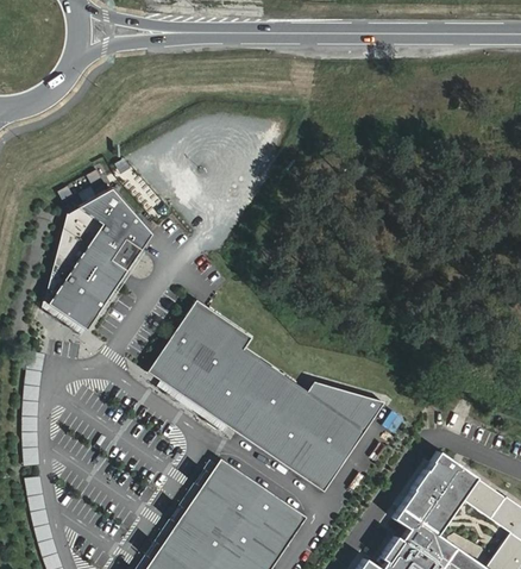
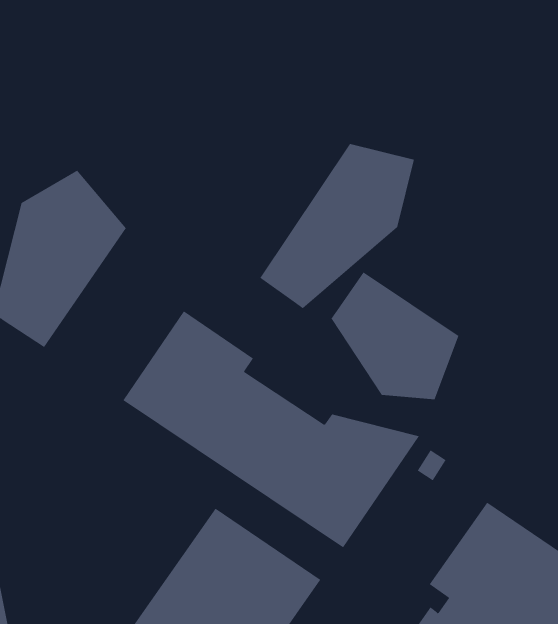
building: none -> [259,143,415,309]
building: none -> [331,272,459,400]

